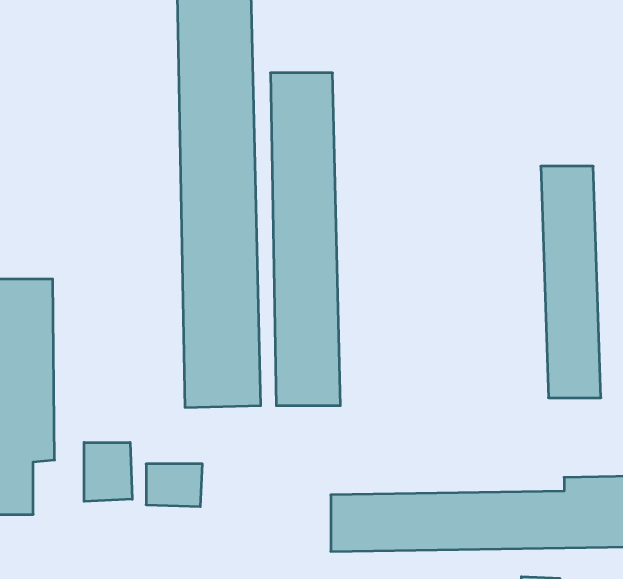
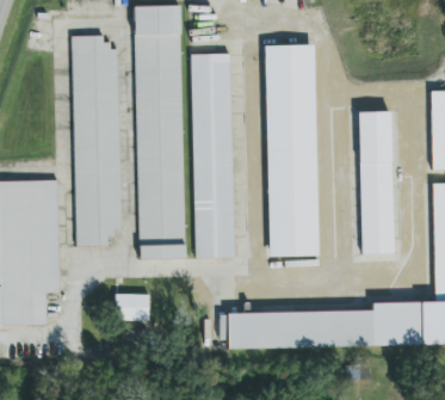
building: none -> [73,36,122,247]
building: none -> [265,44,319,257]
building: [84,442,132,501] -> none

